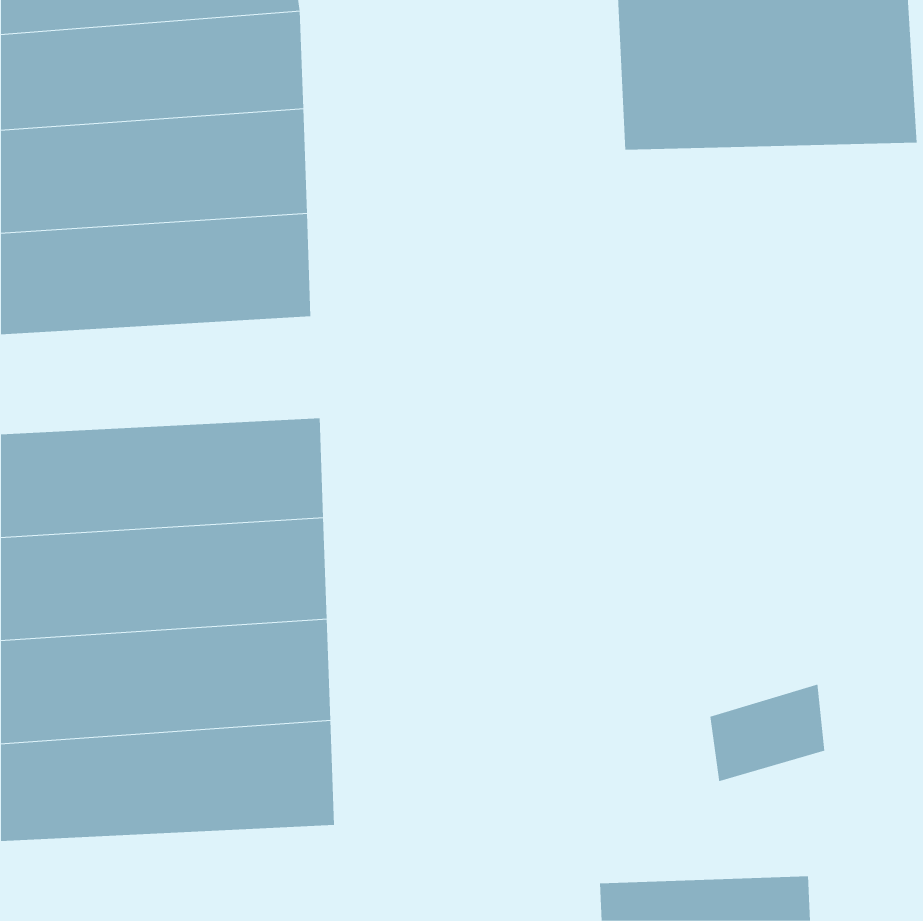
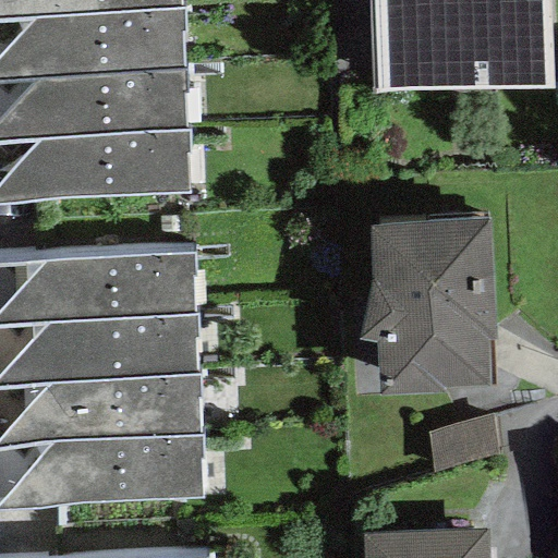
building: none -> [359,217,496,393]

